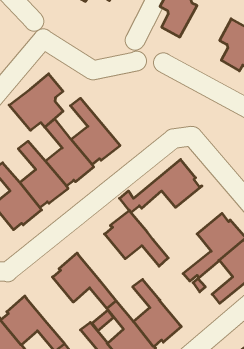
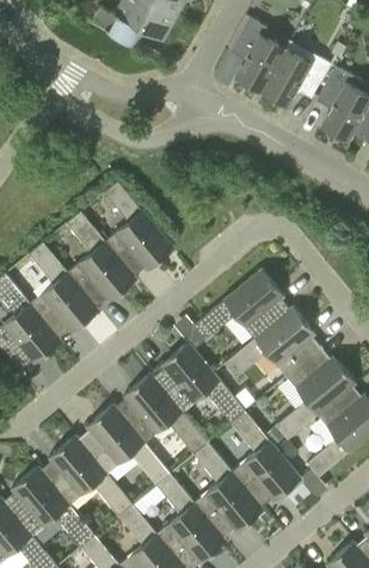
building: none -> [260,48,330,107]
building: [9,74,63,130] -> none
building: none -> [225,308,321,378]
building: none -> [115,373,207,453]
building: none -> [230,412,301,508]
building: none -> [39,436,131,515]

